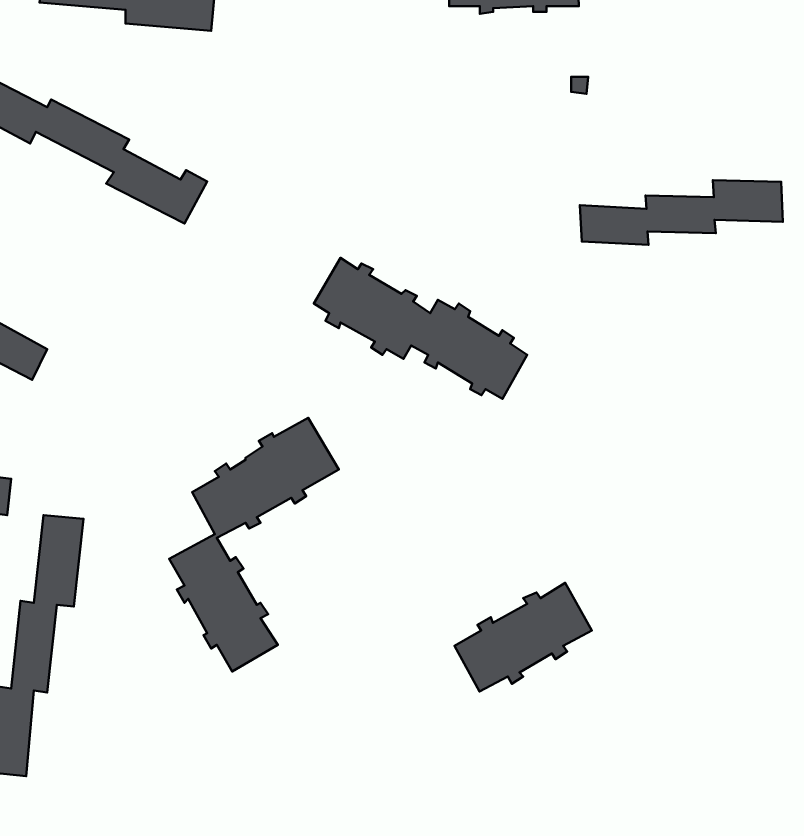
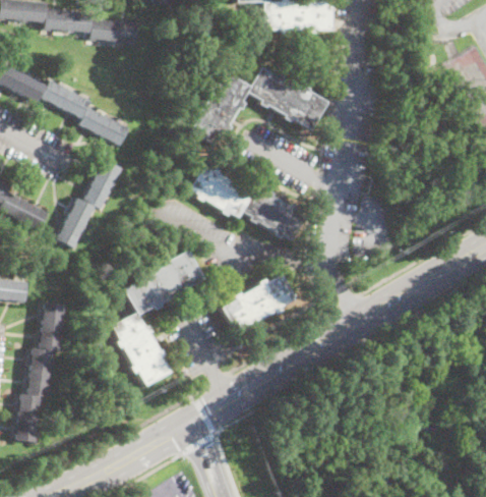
building: none -> [191,67,327,146]
building: [580,180,783,245] -> none
building: none -> [57,160,122,248]
building: [455,583,592,692] -> [222,274,295,332]

